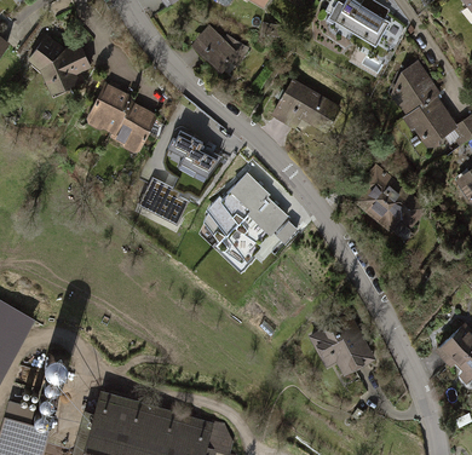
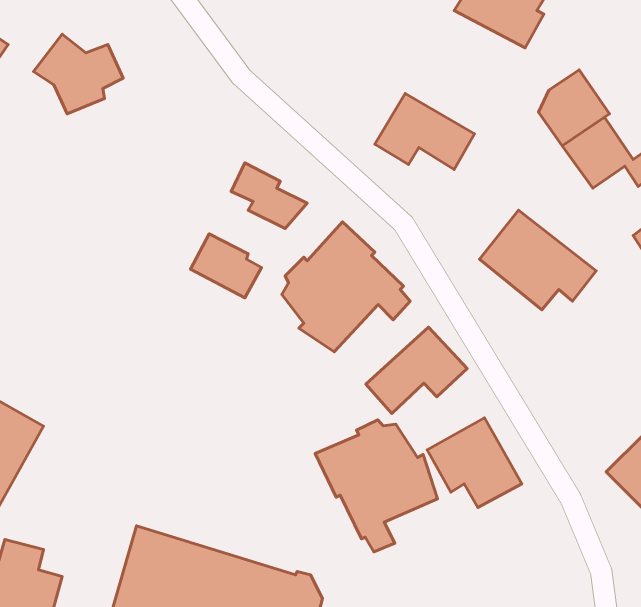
building: [192,25,249,70] -> none
building: [87,83,155,152] -> none
building: none -> [366,327,467,414]
building: none -> [315,420,438,552]

